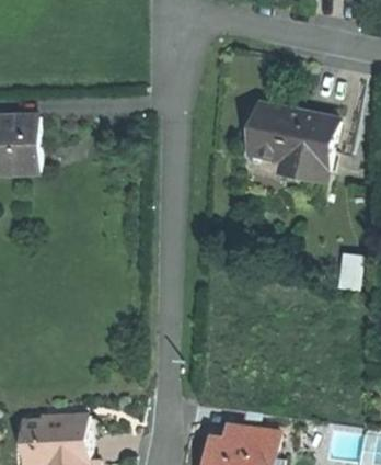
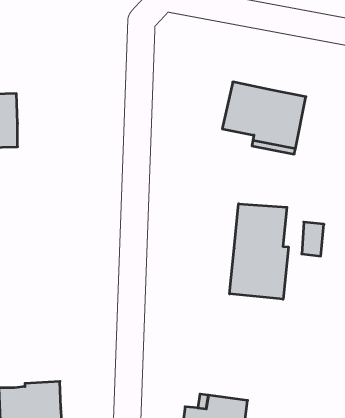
building: none -> [230,204,288,299]

